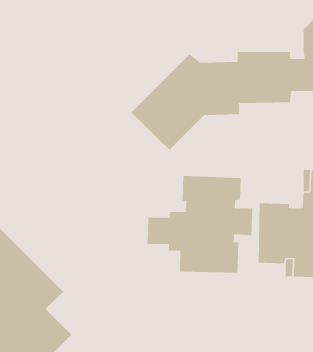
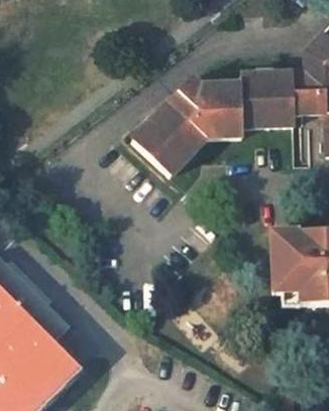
building: [147,175,253,274] -> none

